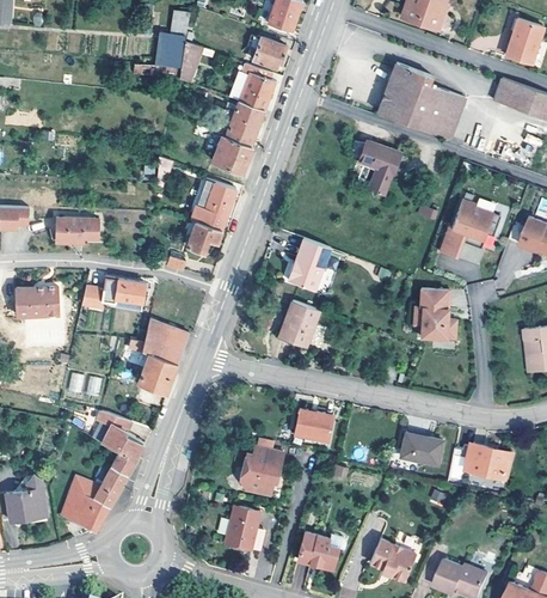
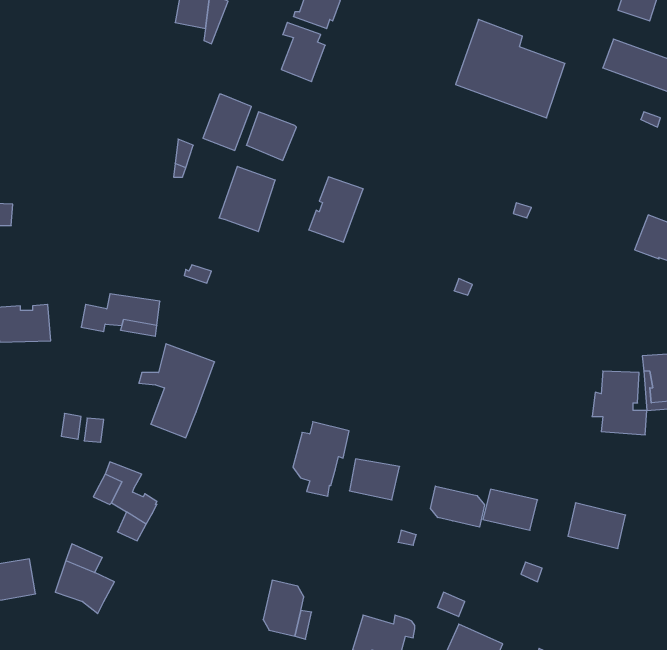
building: [226,102,264,146] -> [203,94,251,150]
building: [349,141,400,194] -> none
building: [438,205,500,263] -> none
building: [54,219,98,243] -> none
building: [186,220,222,252] -> none
building: [287,238,330,289] -> [309,177,363,242]
building: [413,288,456,338] -> [592,371,647,435]
building: [278,299,319,346] -> none
building: none -> [430,486,485,527]
building: [239,445,283,504] -> [293,422,349,496]
building: [93,466,127,506] -> none

